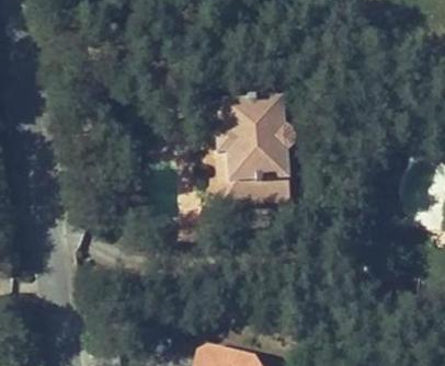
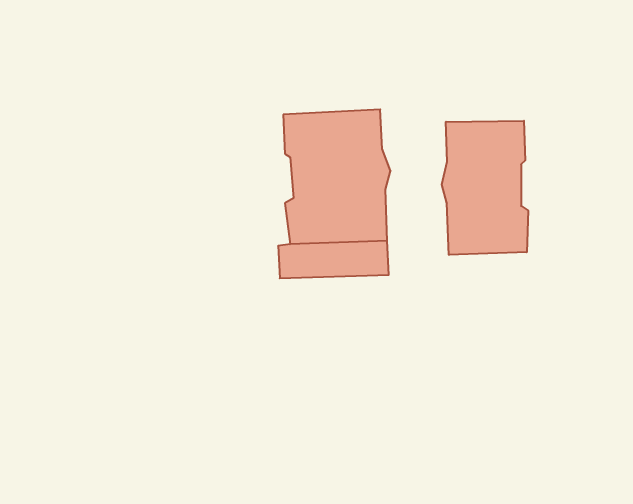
building: none -> [442,121,528,255]

